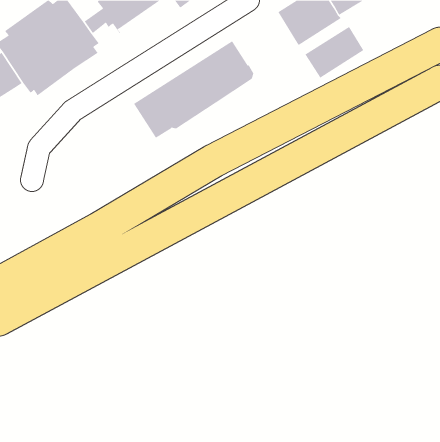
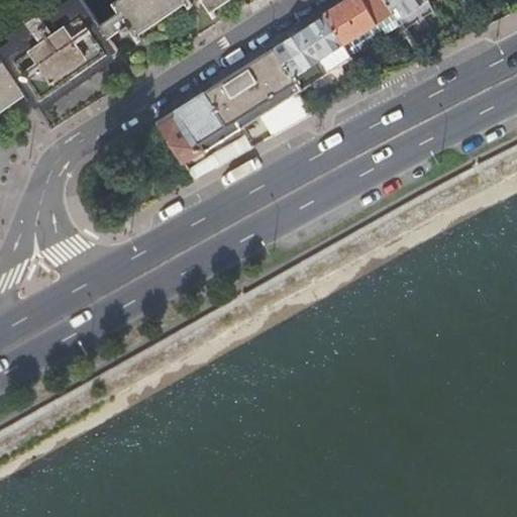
building: [305,26,364,79] -> [272,14,341,76]

